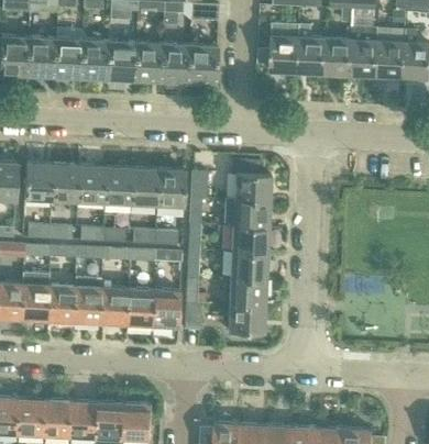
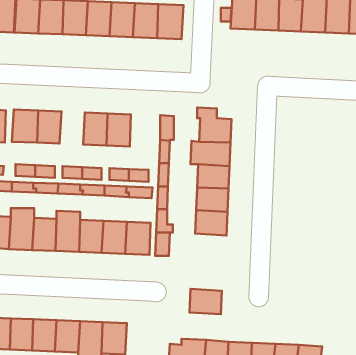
building: [77,166,106,203] -> none
building: [156,169,184,207] -> none
building: [229,303,265,332] -> [190,289,222,314]

